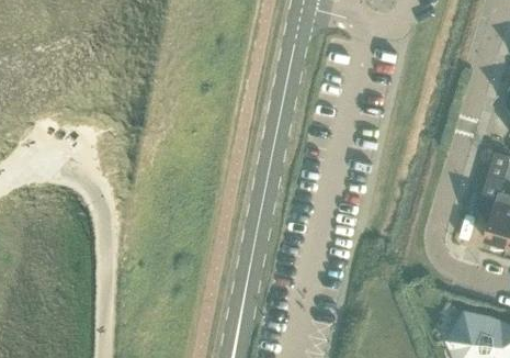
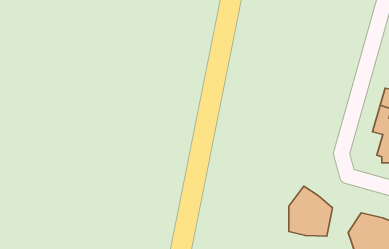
building: none -> [289,186,332,236]

